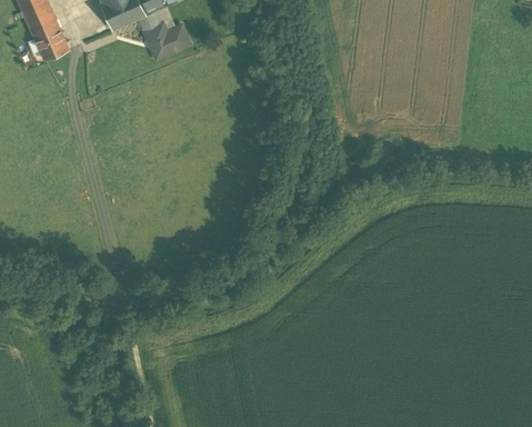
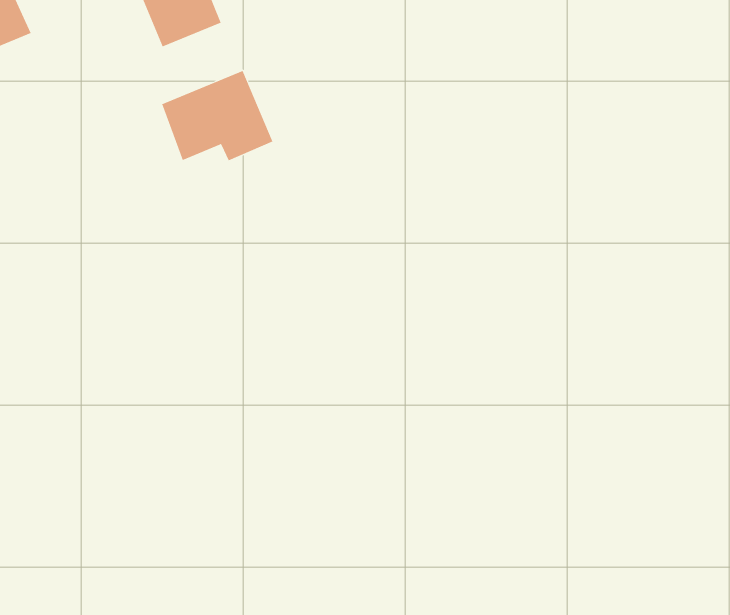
building: none -> [161,70,273,161]

